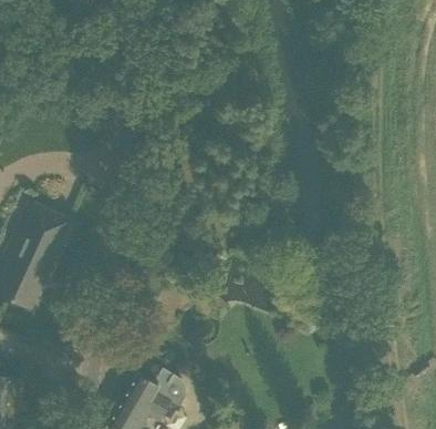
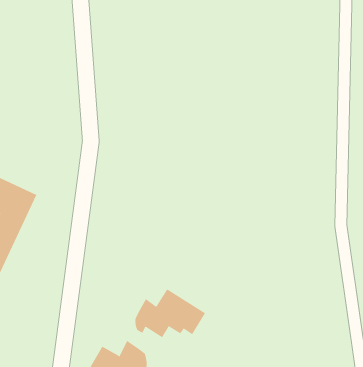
building: none -> [135,289,206,338]

